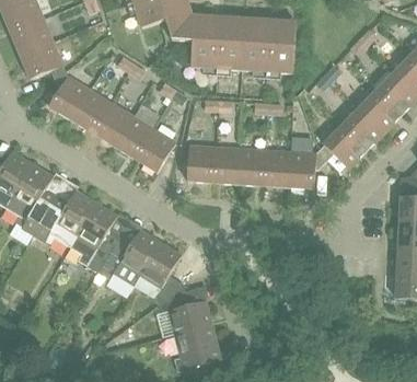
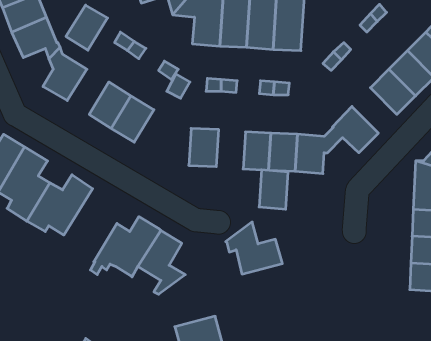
building: [71,89,111,131] -> [66,5,108,50]
building: [340,106,383,149] -> none
building: [135,127,175,171] -> none
building: [212,146,240,183] -> [259,170,288,209]
building: [68,201,118,270] -> none
building: [158,282,211,332] -> [226,222,282,274]

